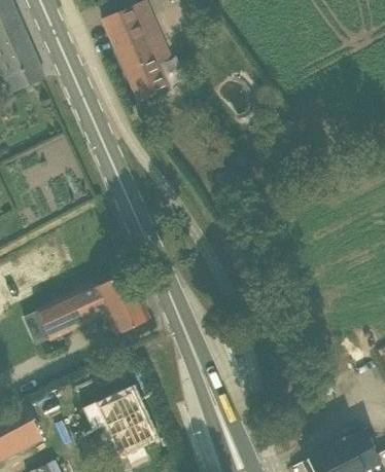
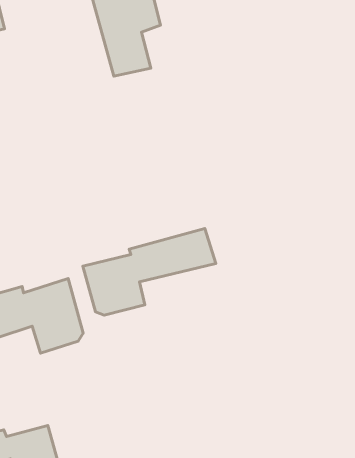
building: none -> [83,228,216,315]

